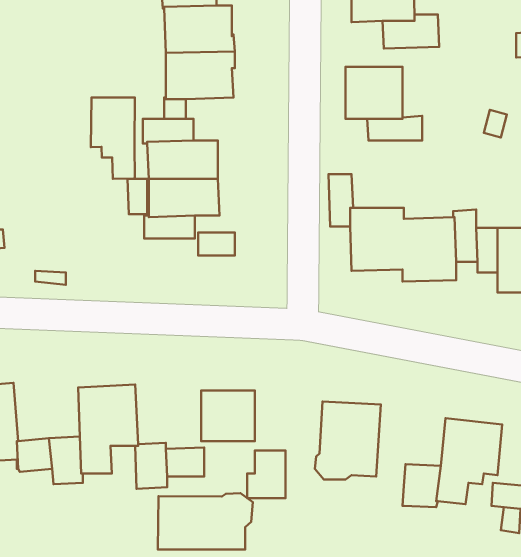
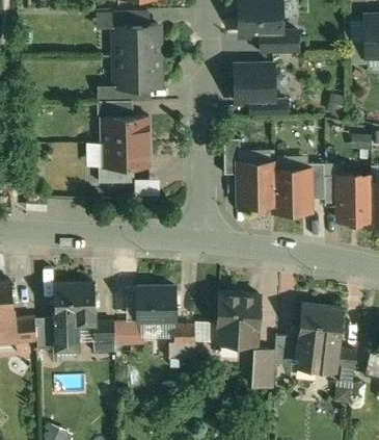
building: [91,97,135,179] -> none
building: none -> [252,348,275,387]
building: [158,493,253,549] -> none

